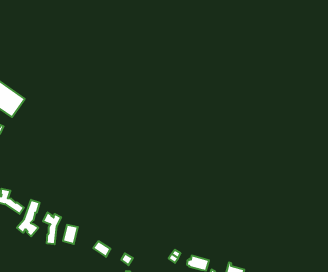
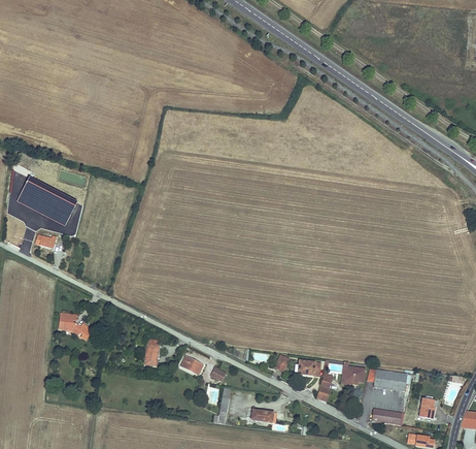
building: [17,200,40,236] -> none
building: [43,212,61,244] -> none

